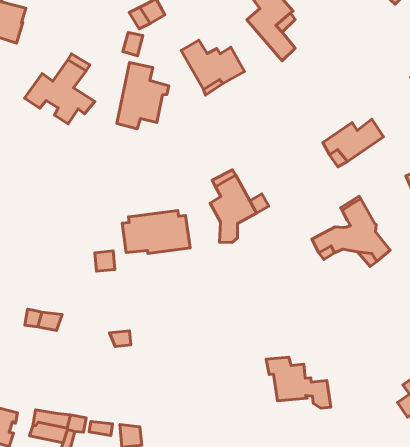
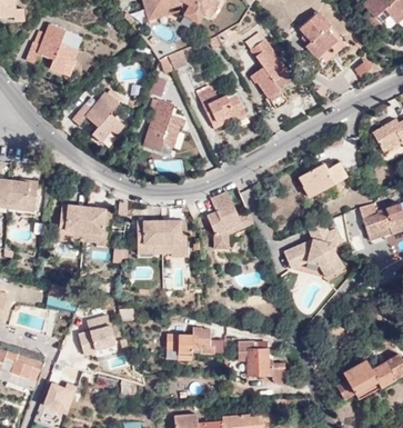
building: none -> [59,205,111,241]
building: none -> [78,313,115,351]
building: none -> [168,328,221,360]

